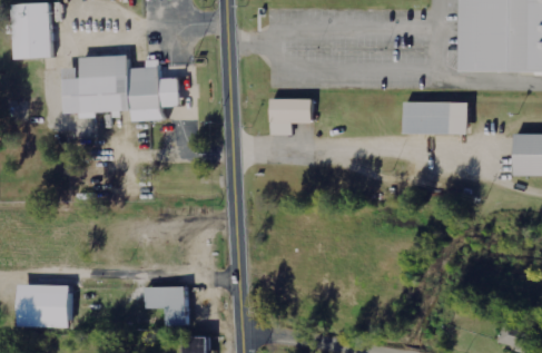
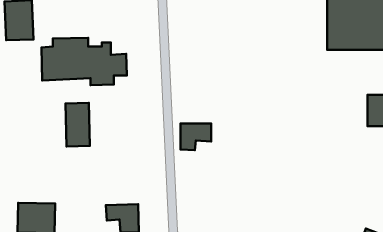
building: [277,97,319,134] -> [180,124,211,150]
building: [401,101,465,135] -> none
building: none -> [66,103,90,146]

